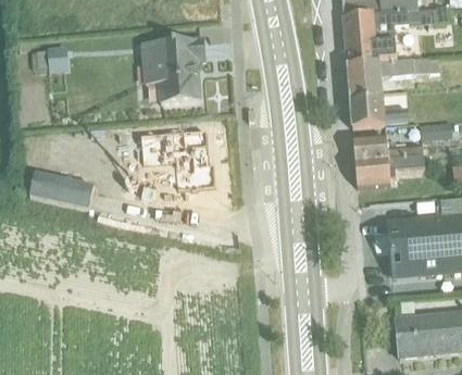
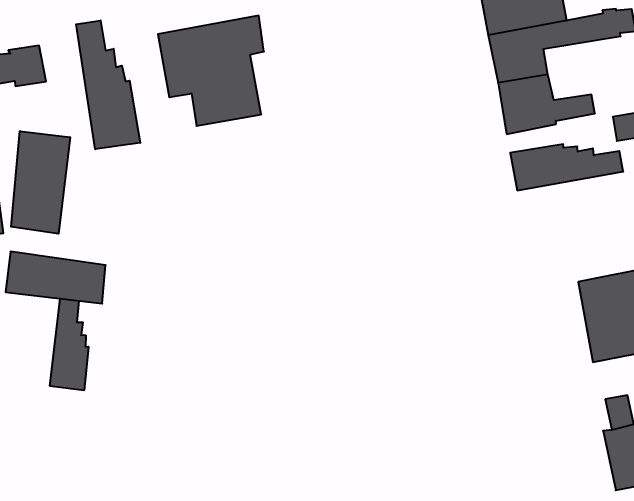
building: none -> [76,20,140,149]
building: none -> [11,131,70,234]
building: [355,159,424,186] -> none
building: none -> [50,299,88,390]

